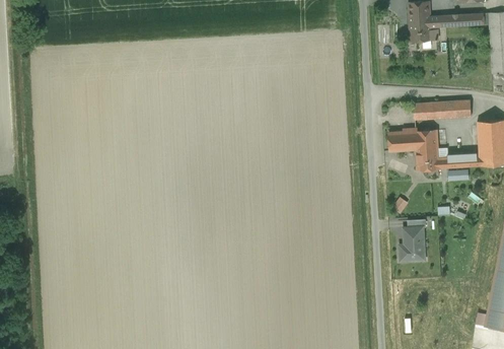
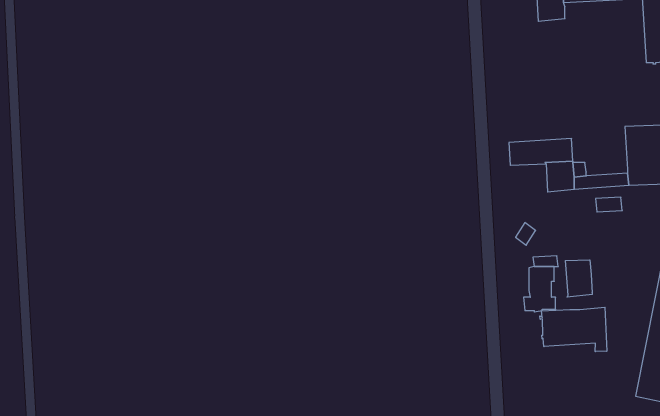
building: [415,99,471,120] -> none
building: none -> [565,260,592,297]
building: none -> [540,307,607,352]

